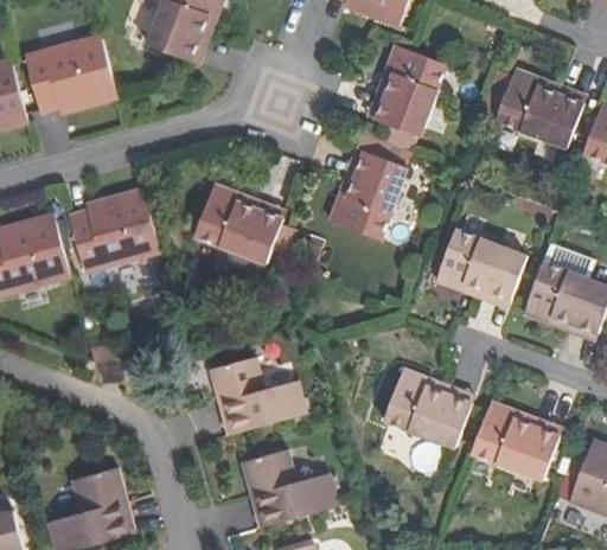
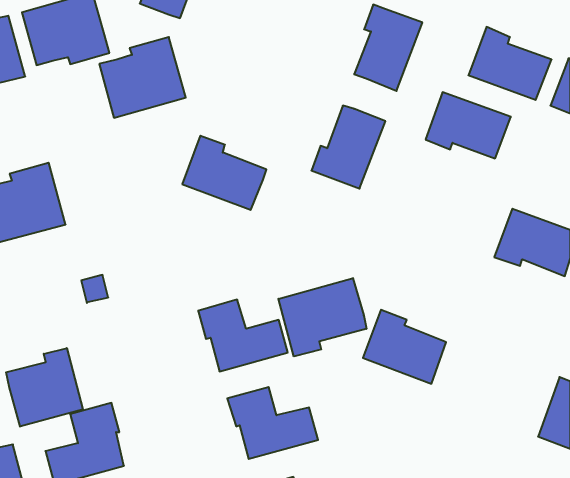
building: [69,187,160,273] -> [99,37,186,118]
building: [436,229,526,299] -> [426,92,511,158]
building: none -> [278,278,366,356]
building: [471,401,560,478] -> none
building: none -> [6,348,83,427]

